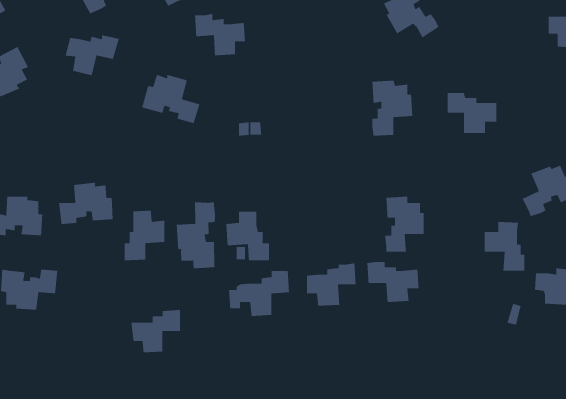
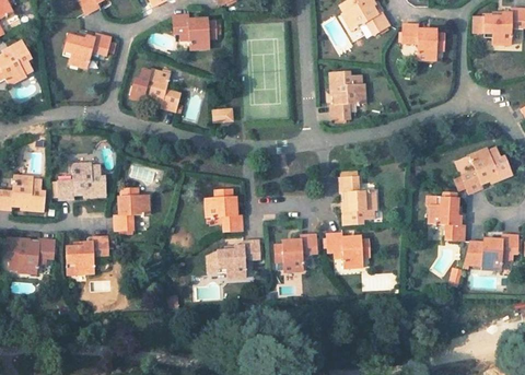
building: [447,92,497,134] -> [401,26,445,62]
building: [176,202,216,269] -> none
building: [130,309,181,353] -> [65,235,108,273]

